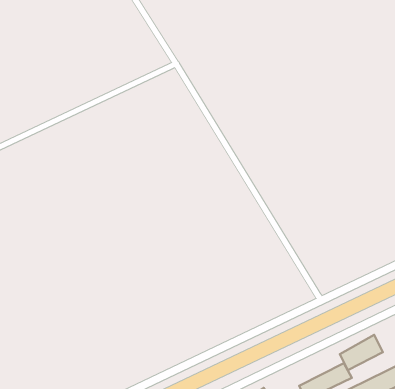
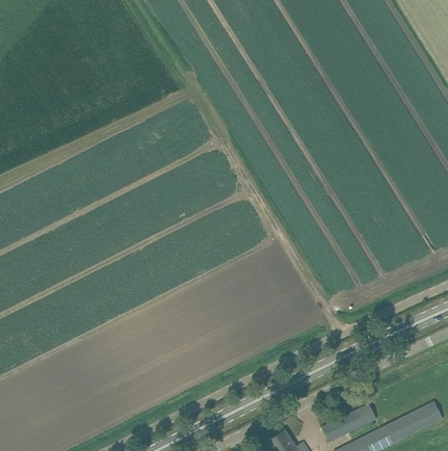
building: [340,335,383,370] -> none

